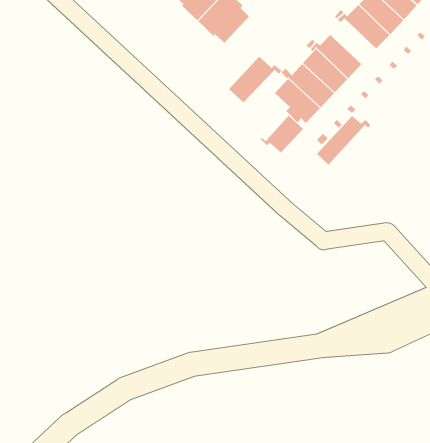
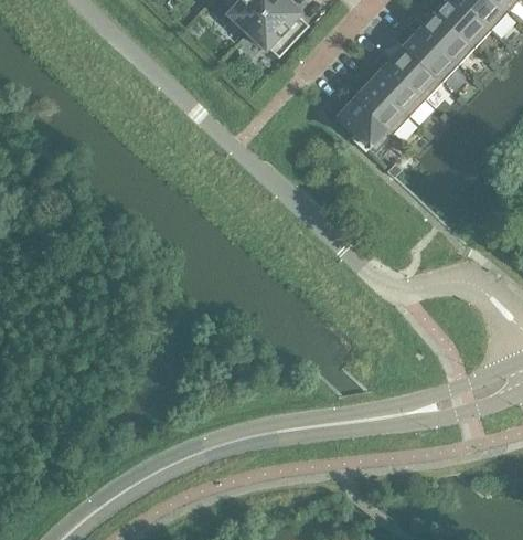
building: none -> [403,29,457,82]
building: [228,56,282,103] -> none
building: [260,115,304,154] -> none
building: [316,115,371,165] -> none

